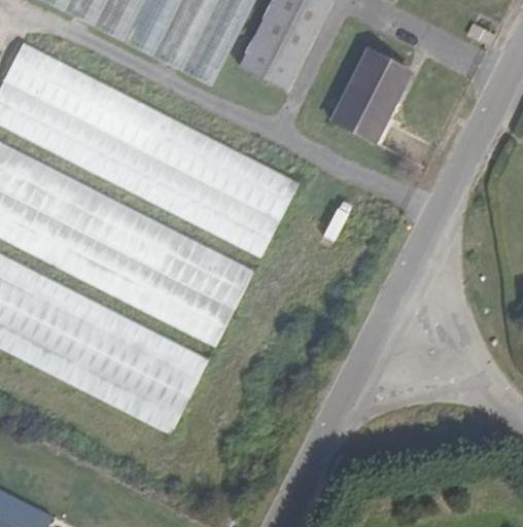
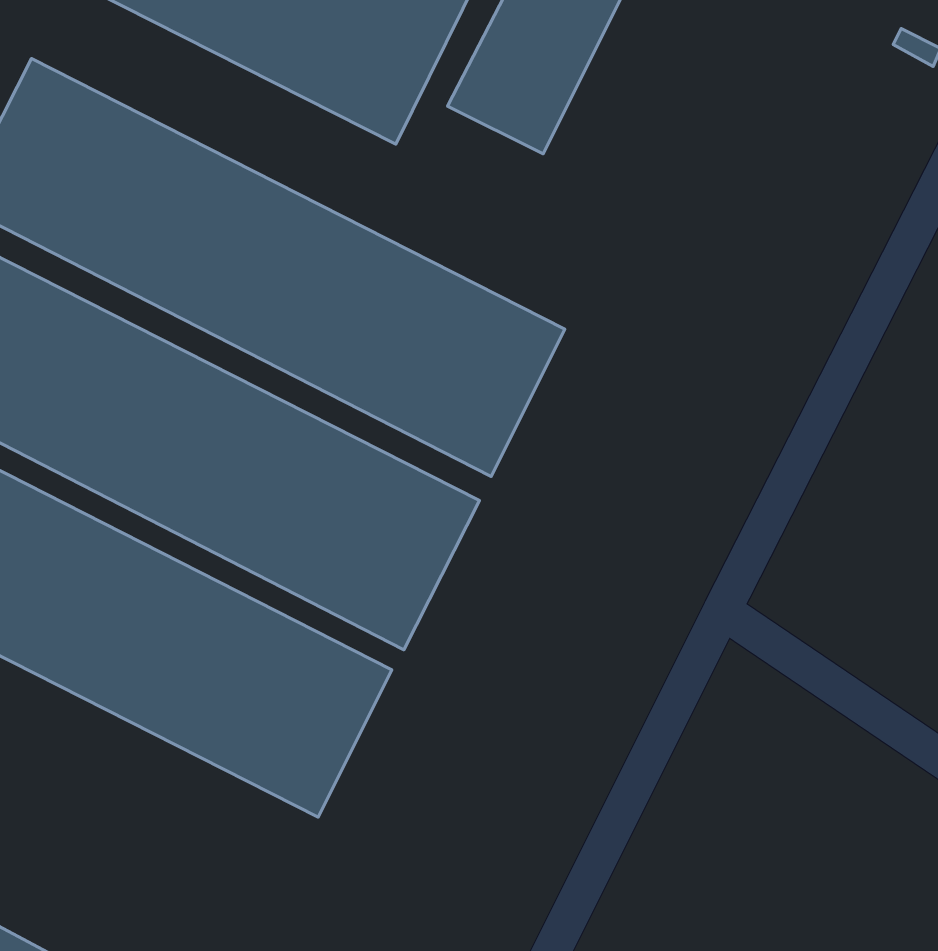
building: [330,51,410,144] -> none

